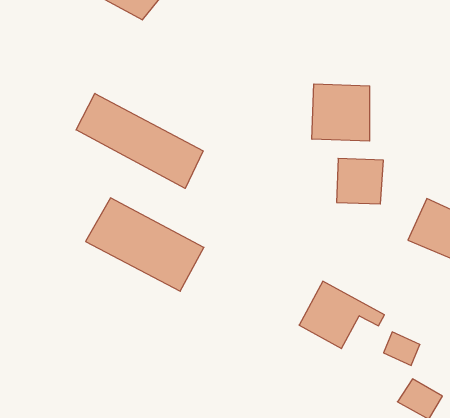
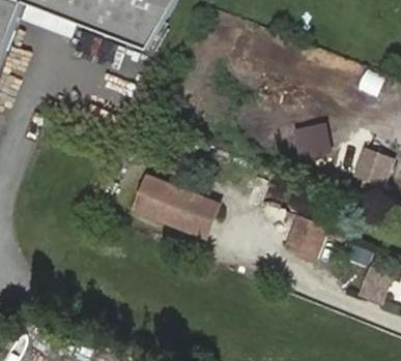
building: [312,84,370,141] -> none
building: [76,93,203,188] -> none

